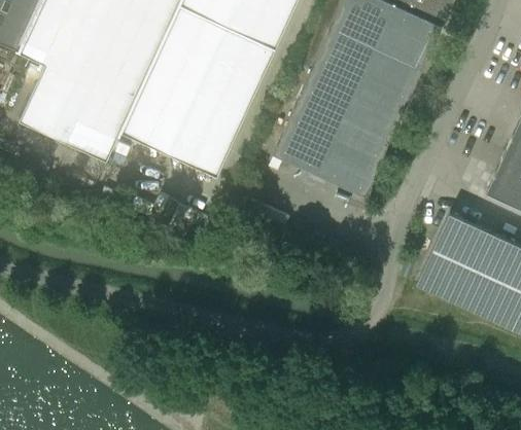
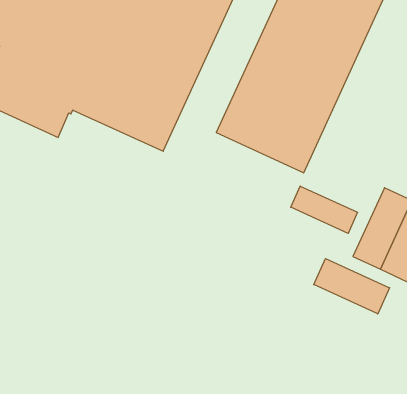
building: none -> [291,186,358,233]
building: none -> [314,259,390,314]

